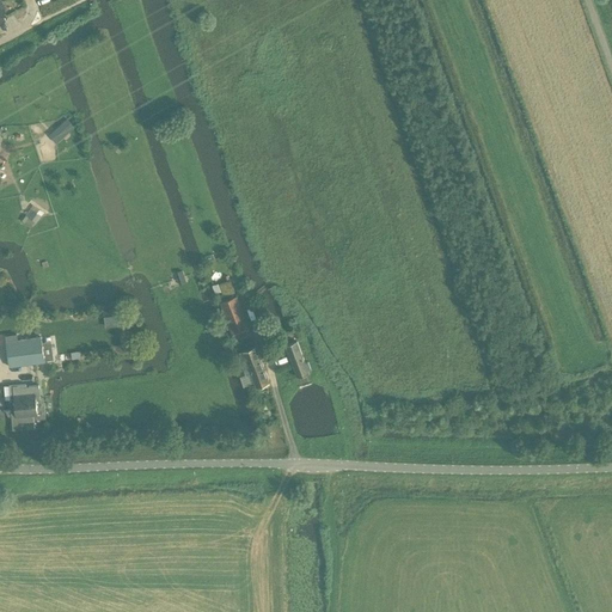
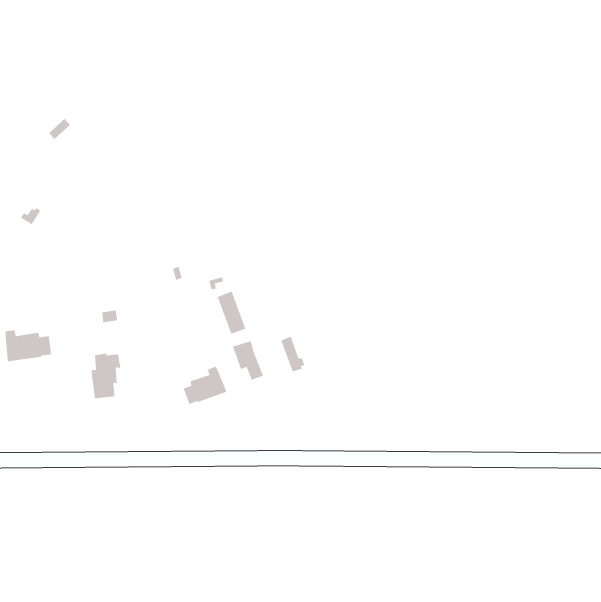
building: none -> [183,366,227,405]
building: [8,384,39,430] -> [91,353,121,399]

